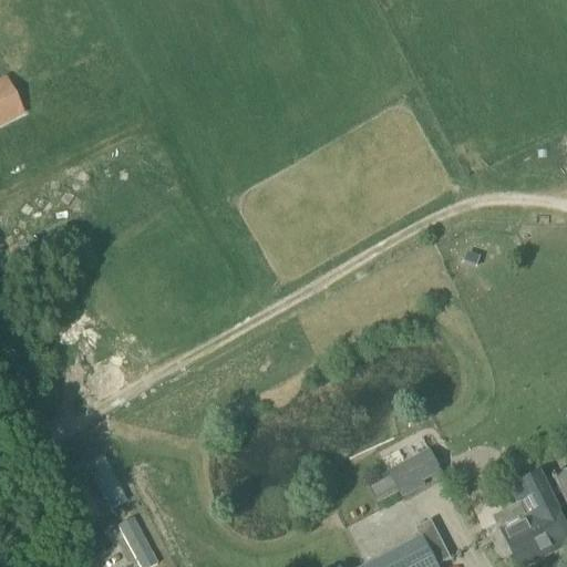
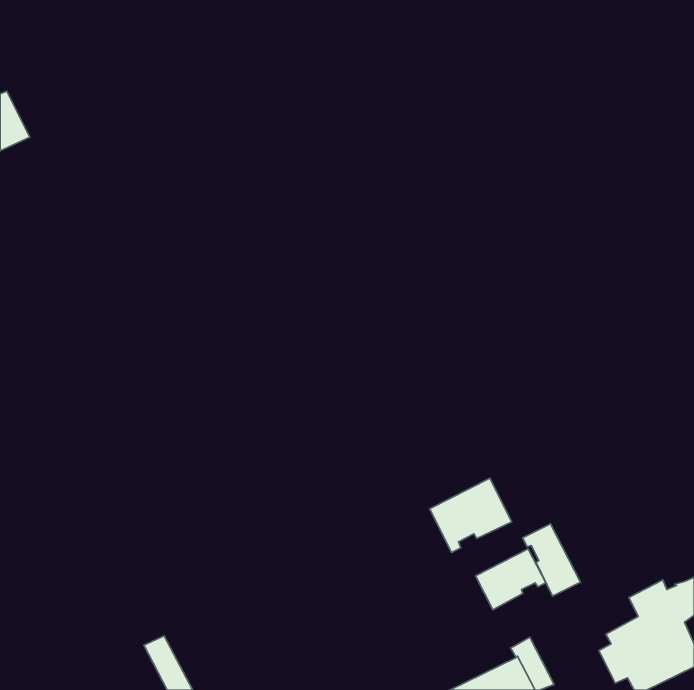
building: none -> [429,478,512,553]
building: none -> [523,524,580,596]

